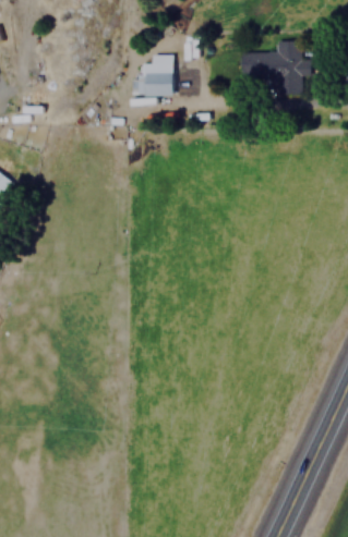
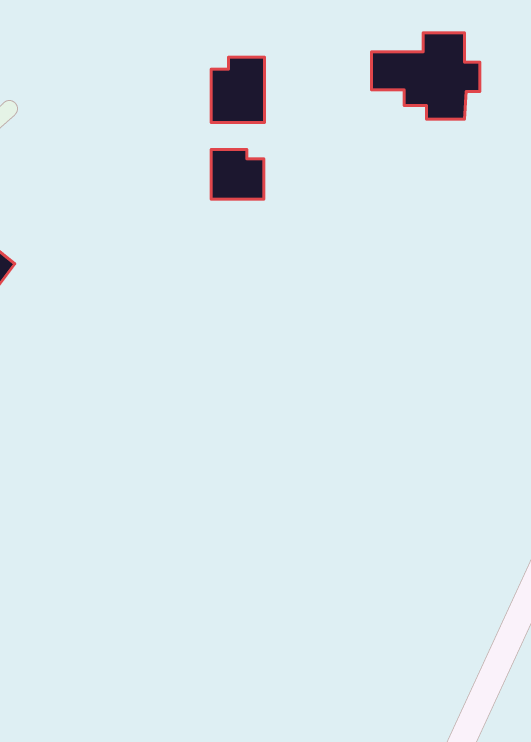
building: none -> [211,150,264,199]

